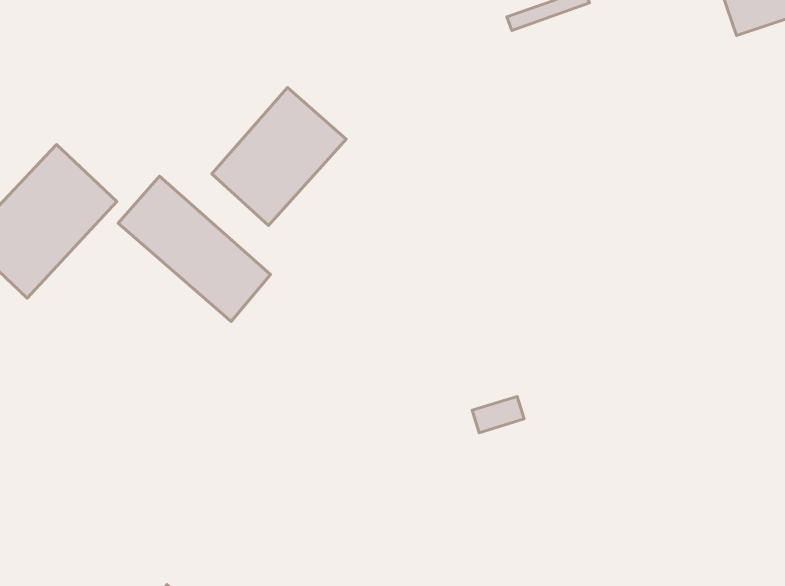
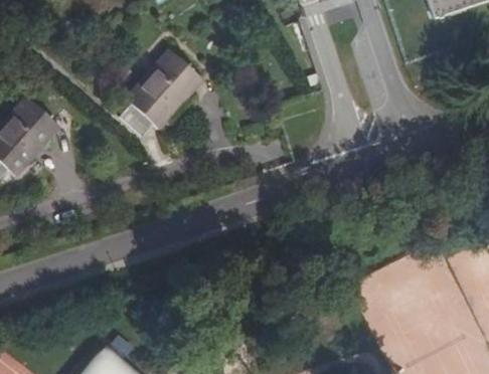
building: [118,176,271,322] -> none

